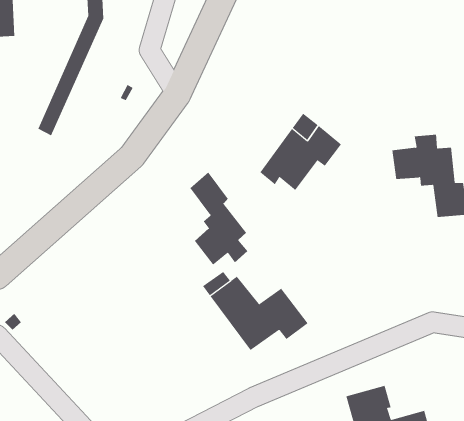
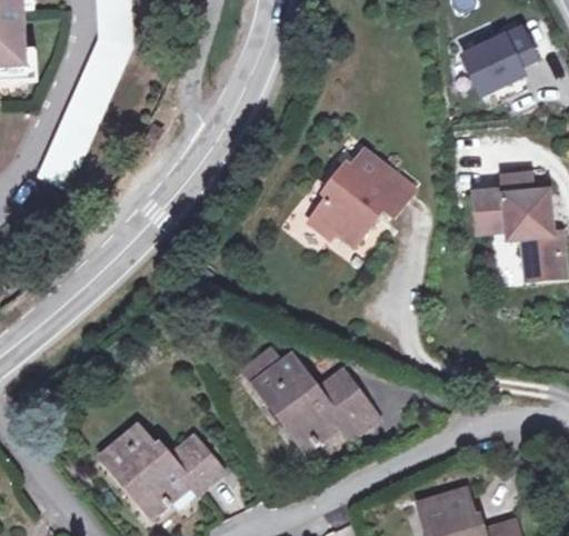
building: none -> [465,28,537,95]
building: [190,172,248,265] -> none
building: none -> [102,424,220,510]

